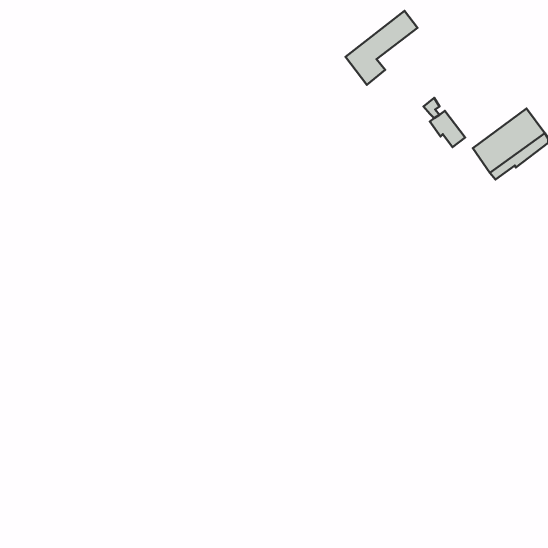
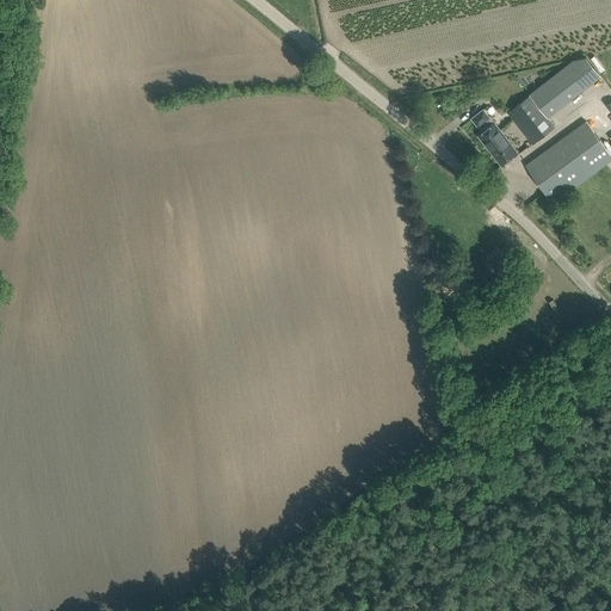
building: [345,11,417,85] -> [510,61,590,143]

